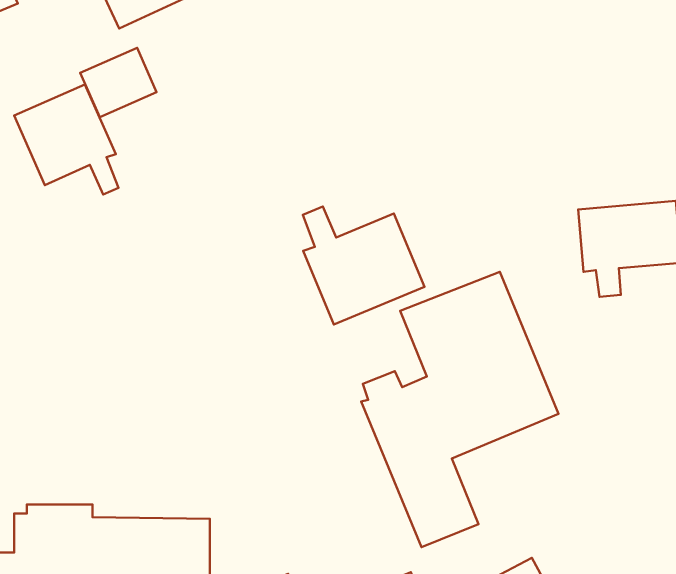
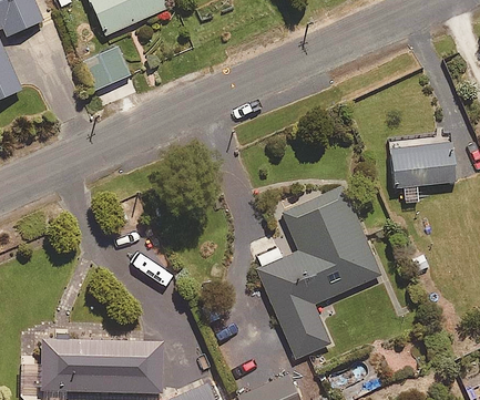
building: [14,84,119,195] -> none
building: [303,206,425,324] -> none

